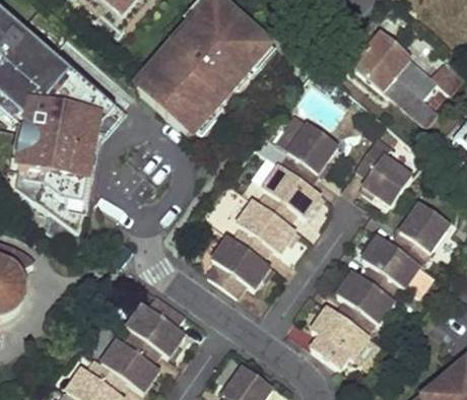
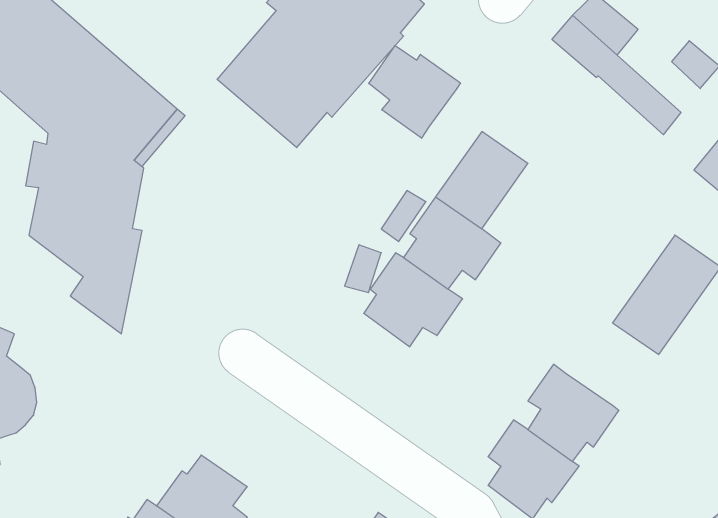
building: none -> [369,45,460,138]
building: [356,132,416,203] -> none
building: [209,235,271,294] -> none
building: [362,235,435,296] -> none
building: [127,291,185,354] -> none

